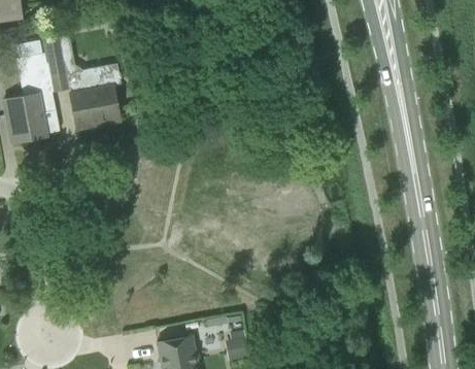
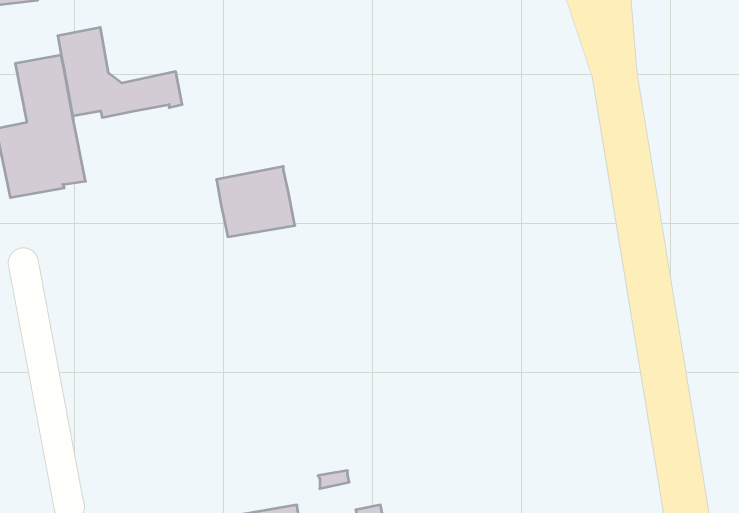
building: [69,85,118,129] -> [216,166,295,237]

